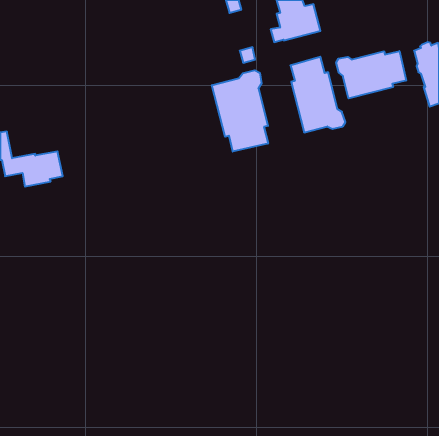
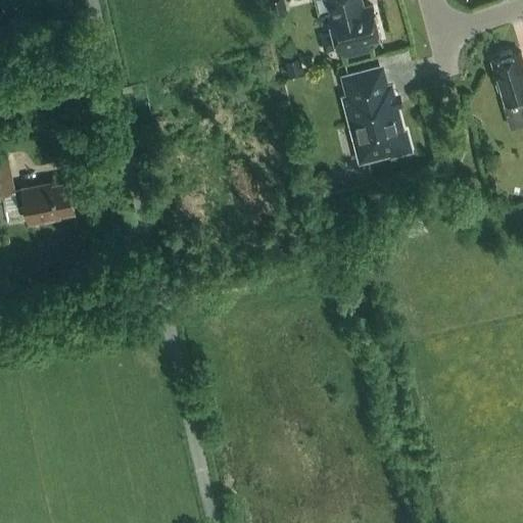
building: [336,51,406,98] -> none
building: [212,70,268,152] -> none

